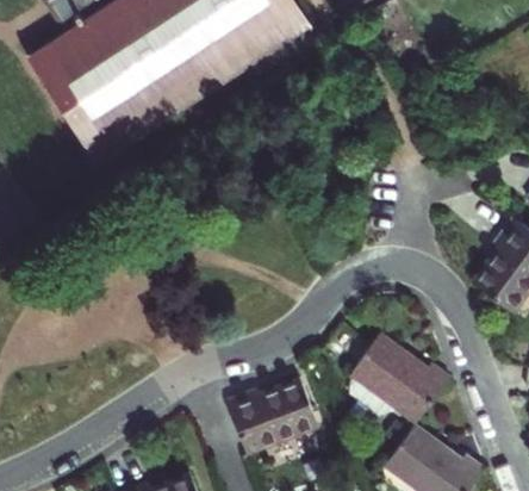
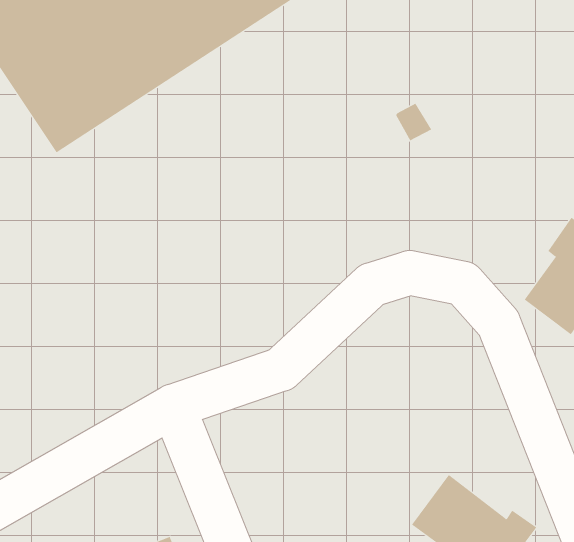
building: [350,335,452,422] -> none
building: [226,380,318,450] -> none

